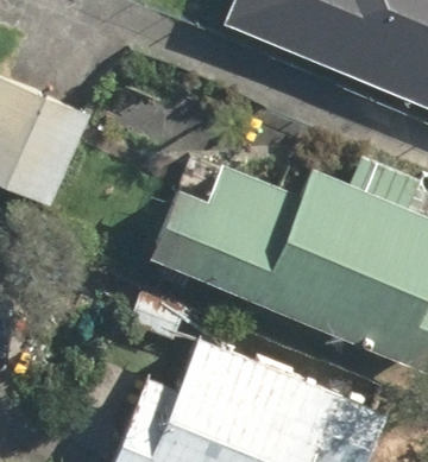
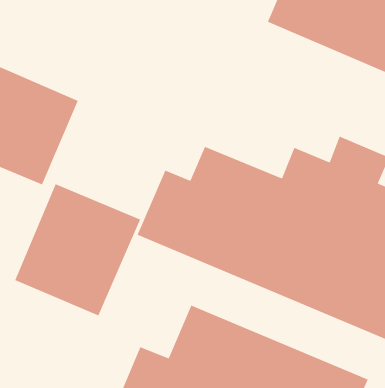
building: none -> [14,183,141,317]

